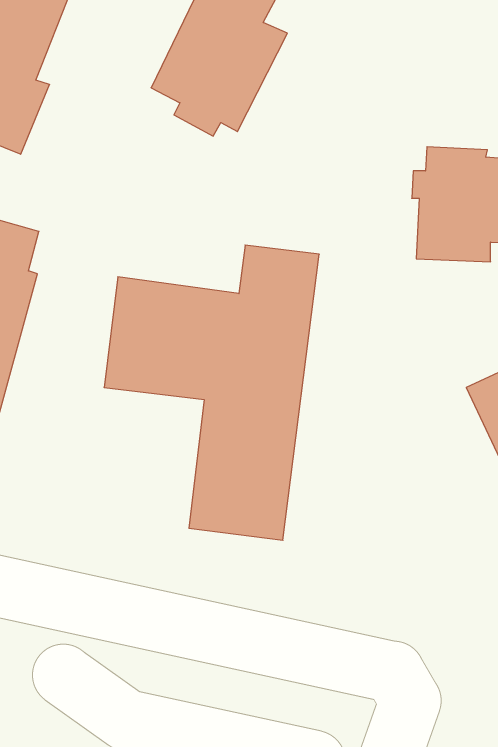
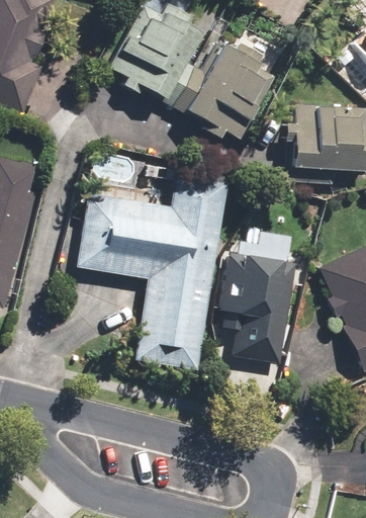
building: none -> [184,40,264,142]
building: none -> [219,253,296,363]

